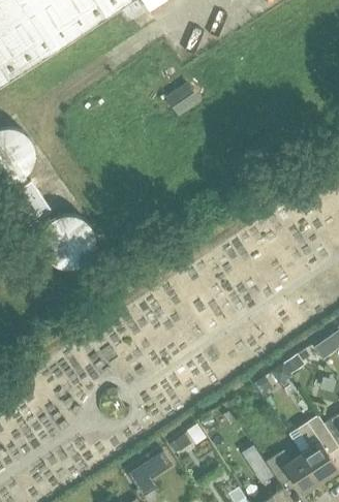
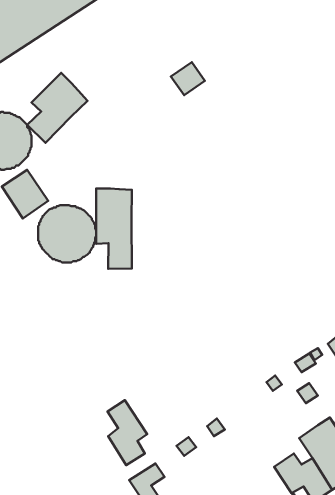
building: none -> [27,73,88,143]
building: none -> [96,189,132,269]
building: none -> [107,400,147,465]

